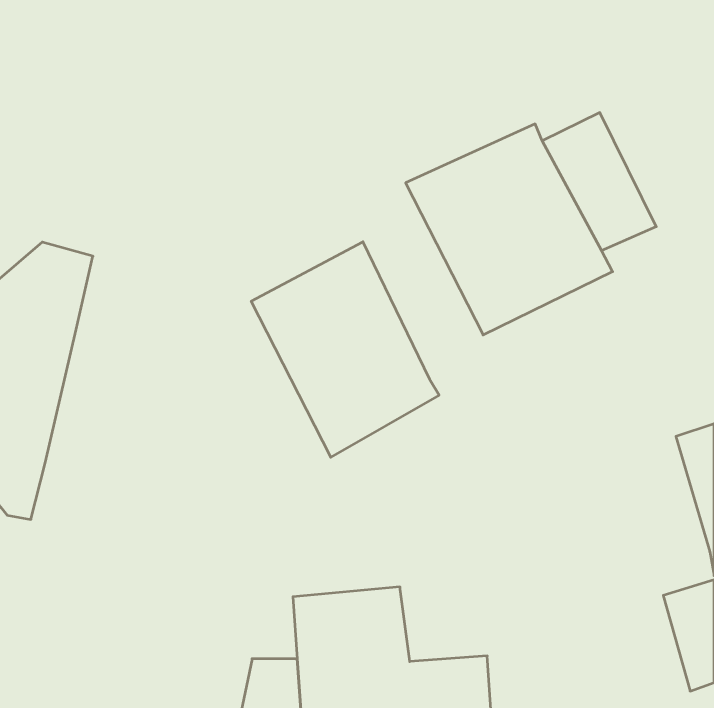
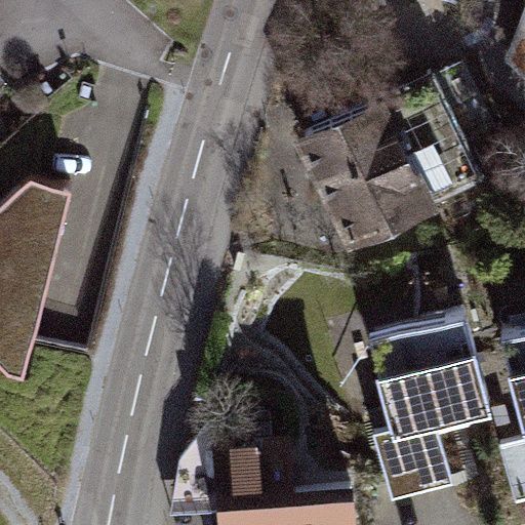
building: [251,242,439,457] -> none
building: none -> [370,311,488,508]

